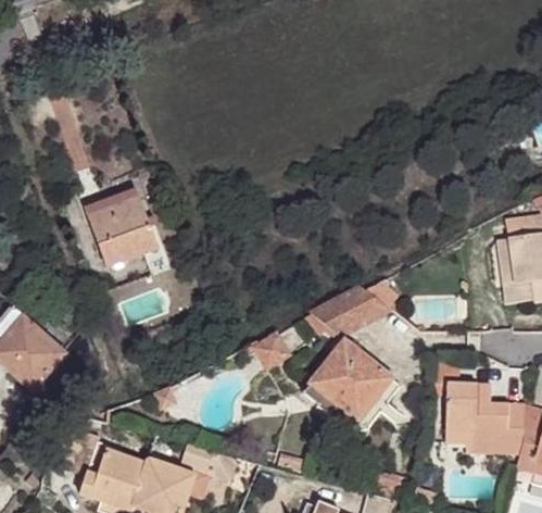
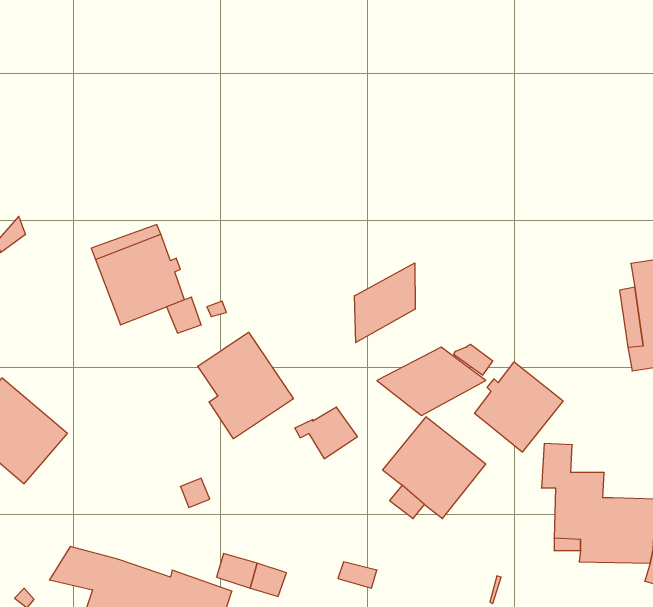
building: none -> [354,263,415,343]
building: none -> [198,332,293,439]
building: none -> [475,362,563,452]

